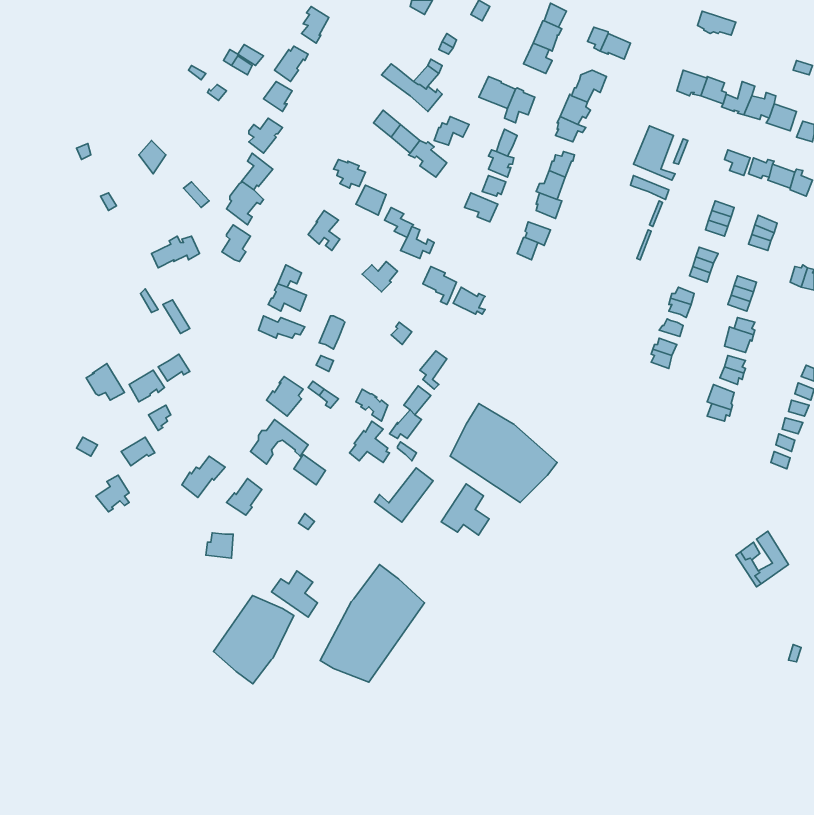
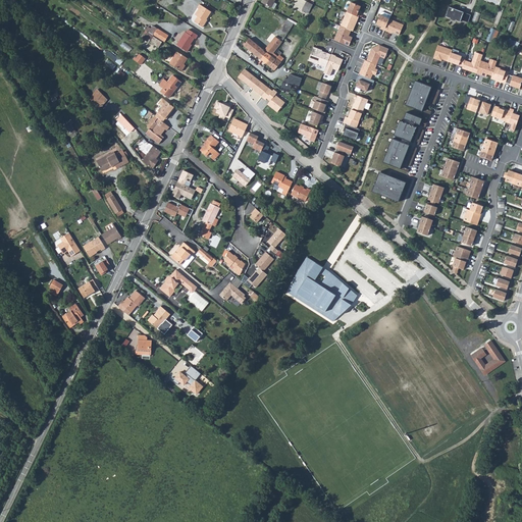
building: none -> [381,120,415,172]
building: none -> [371,171,405,202]
building: [375,468,433,522] -> none
building: [441,484,489,535] -> none
building: [320,564,424,682] -> none
building: [214,595,294,684] -> none

